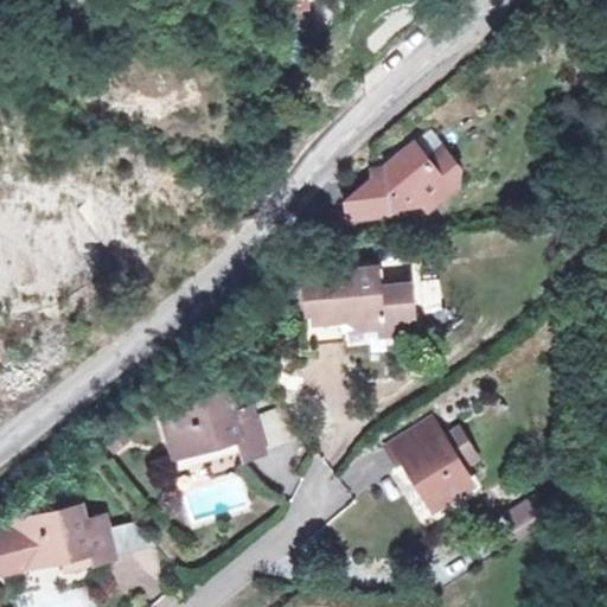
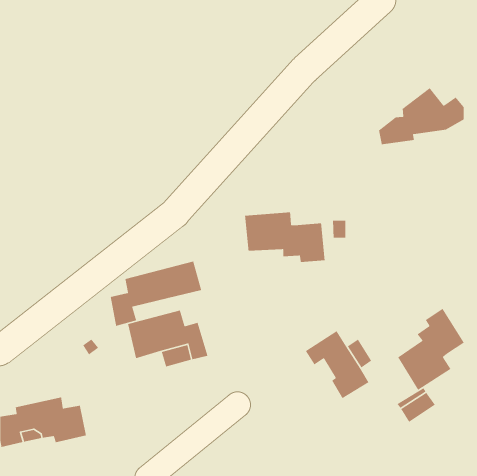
building: [346,147,455,221] -> [378,87,464,145]
building: none -> [110,261,202,327]
building: none -> [397,308,465,391]

